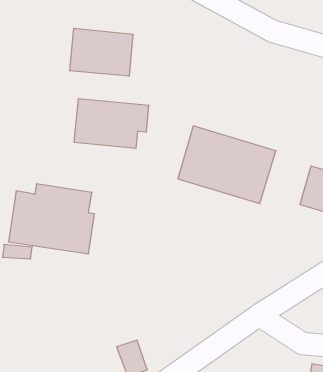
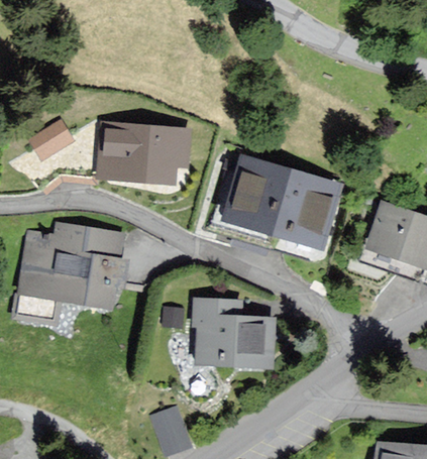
building: [70,28,133,76] -> none
building: none -> [25,115,73,158]
building: none -> [193,300,274,367]

